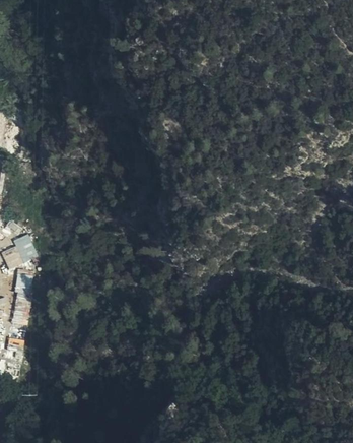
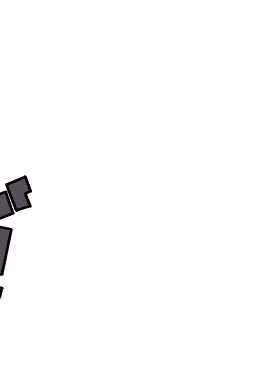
building: none -> [7,177,31,211]

